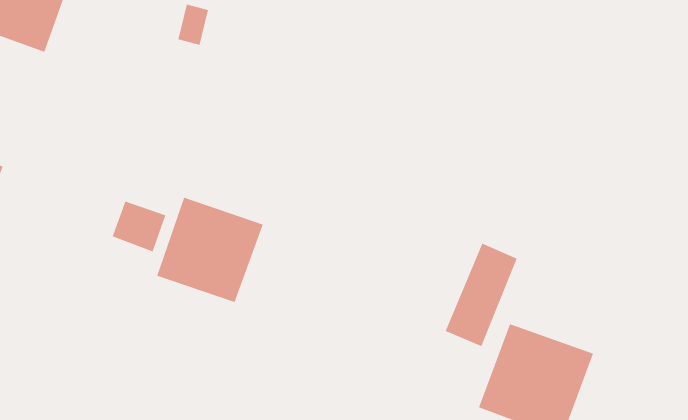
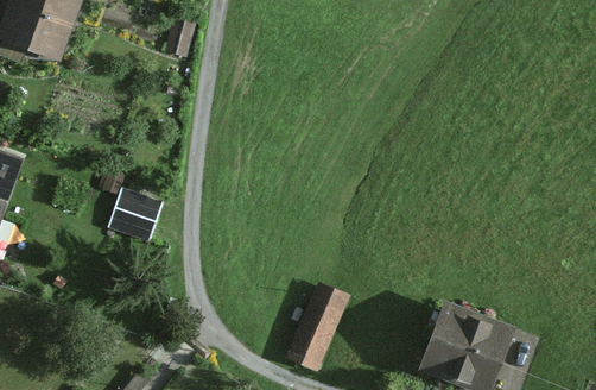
building: [156,197,263,303] -> none
building: [445,243,518,347] -> [289,279,349,366]

